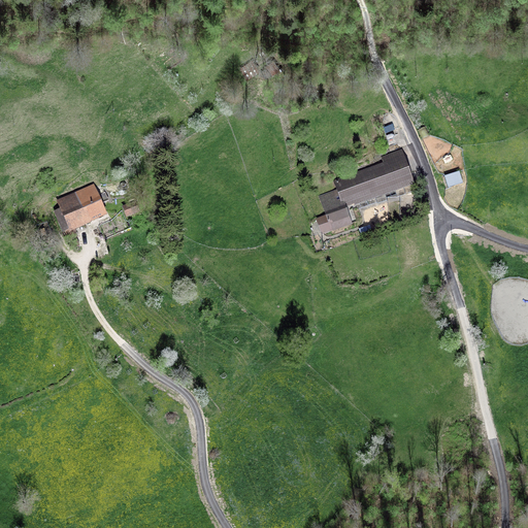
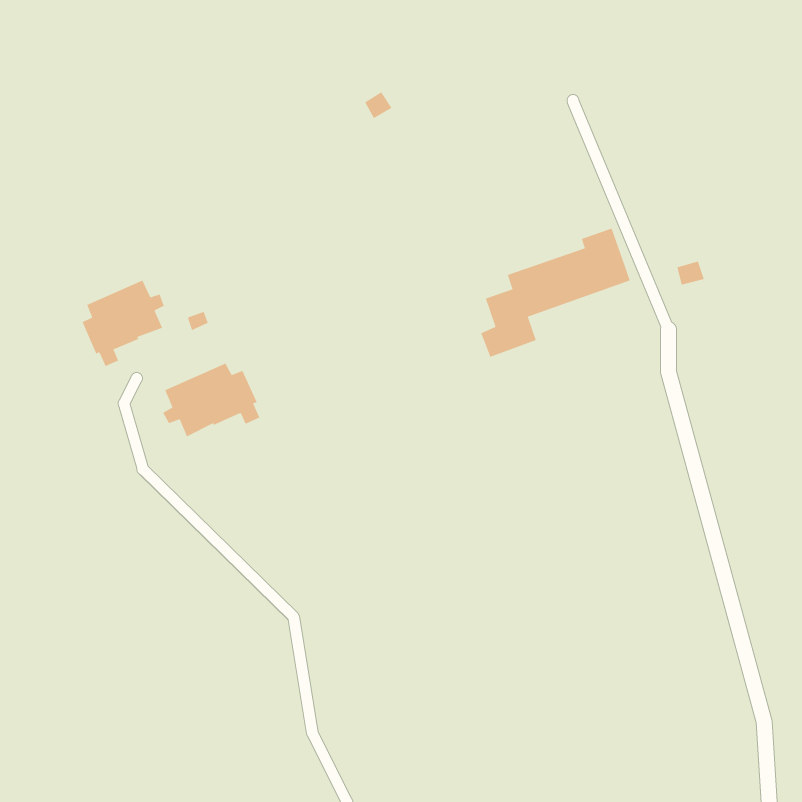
building: none -> [162,362,261,437]

